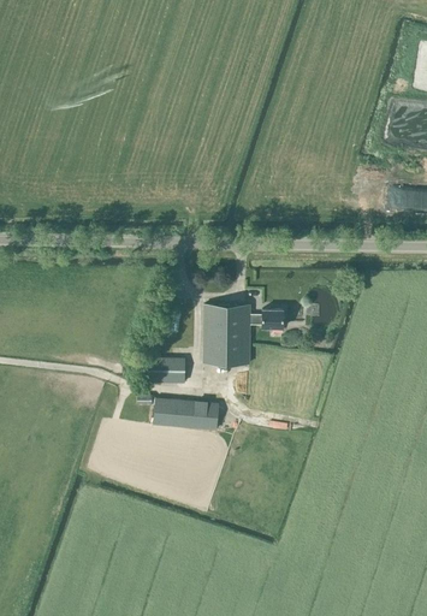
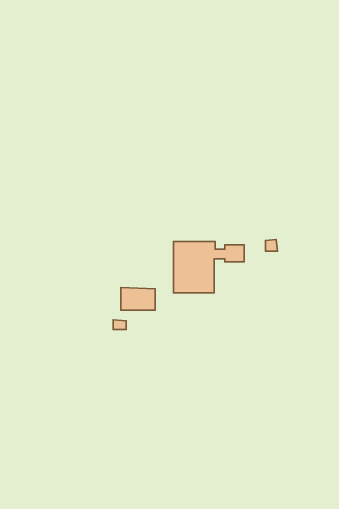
building: [153,399,218,430] -> none

